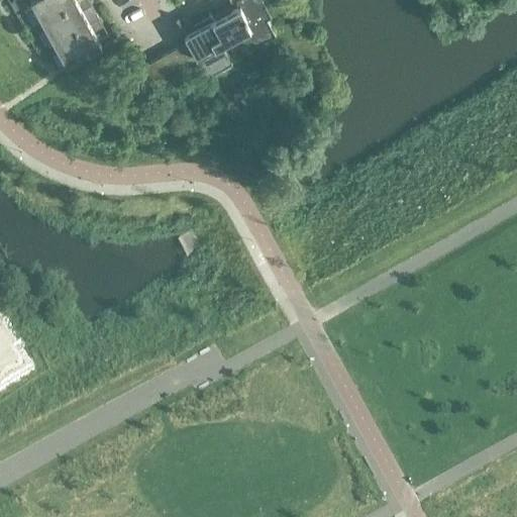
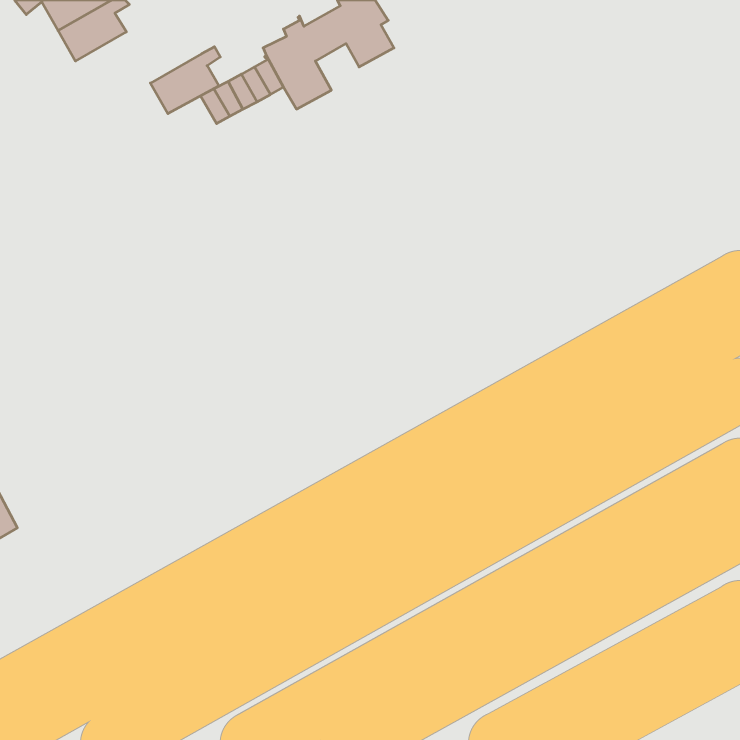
building: [53,19,101,66] -> [150,47,220,114]

